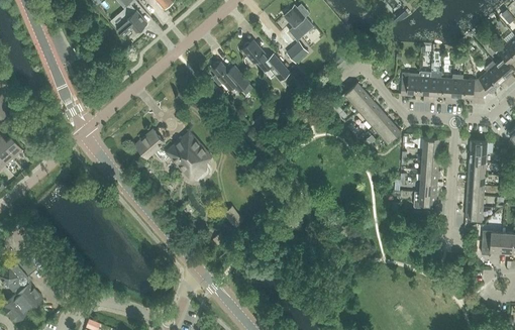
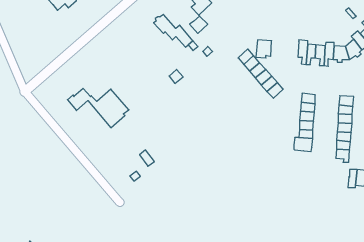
building: [212,63,248,92] -> none
building: [401,73,420,95] -> [256,40,272,58]

